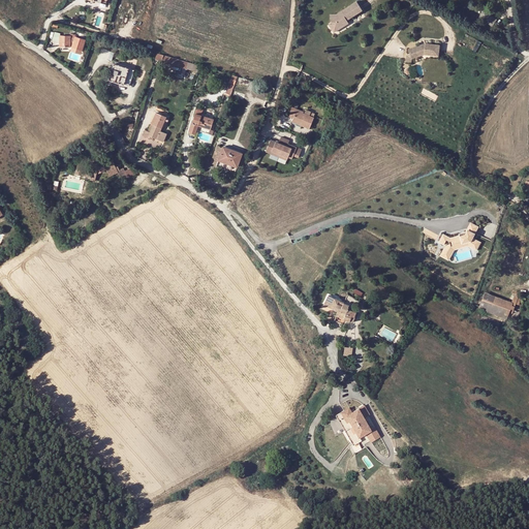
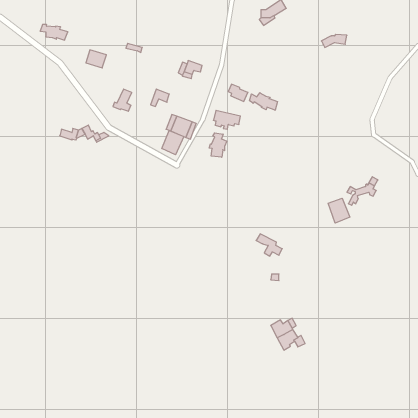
building: none -> [250,93,277,110]
building: none -> [162,130,184,155]
building: none -> [209,133,227,157]
building: none -> [328,198,350,223]
building: [478,291,510,317] -> none

